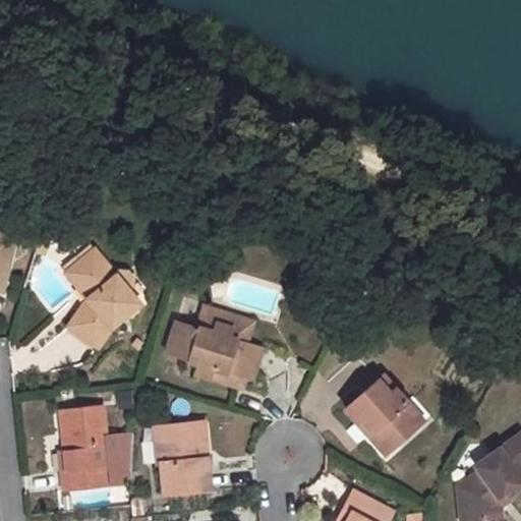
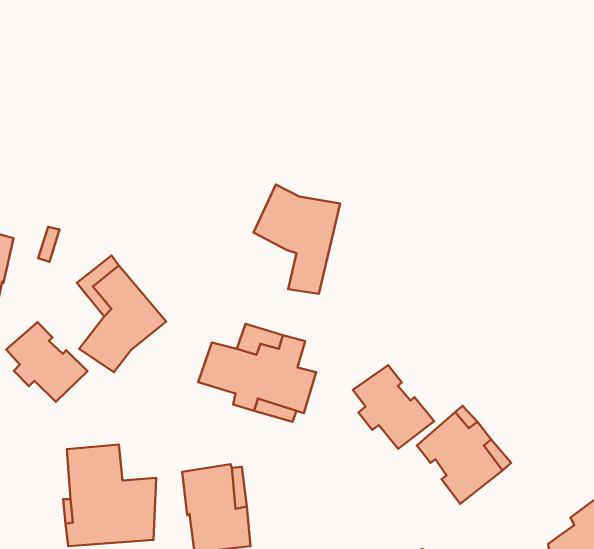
building: none -> [254,185,340,294]
building: none -> [6,322,88,402]
building: none -> [353,365,434,449]

